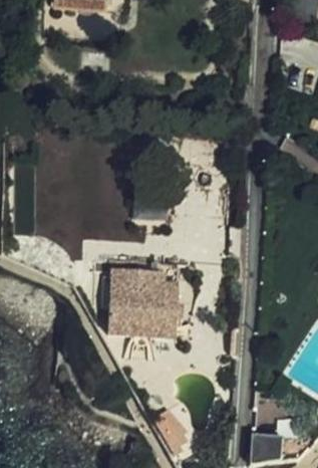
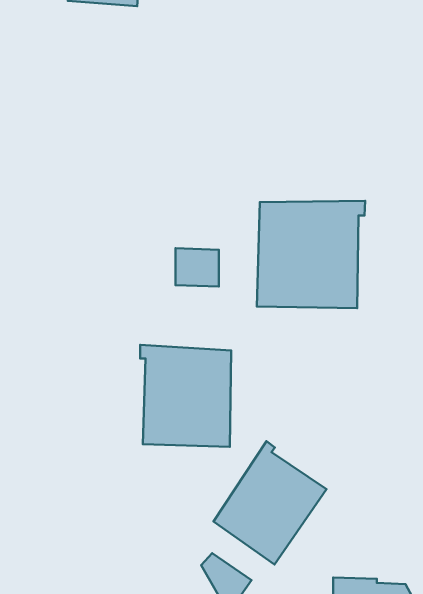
building: none -> [257,201,365,308]
building: none -> [214,441,327,565]

